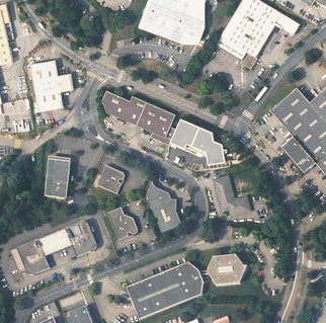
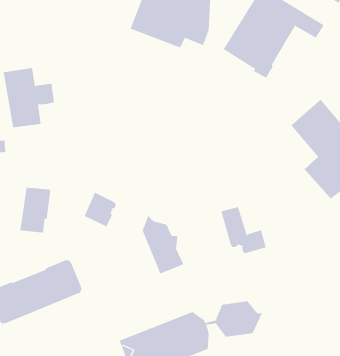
building: [103,90,177,145] -> none
building: [176,126,225,163] -> none
building: [106,210,137,240] -> none

